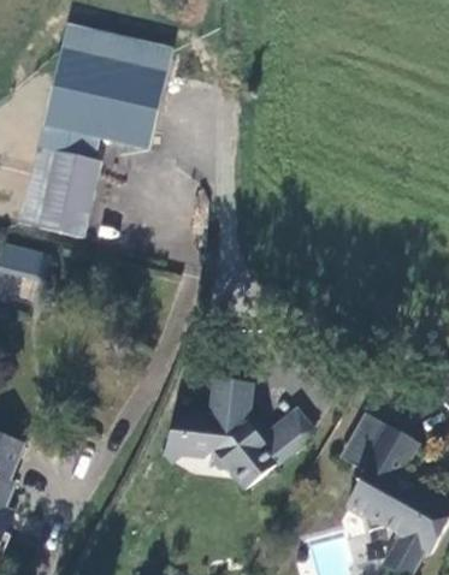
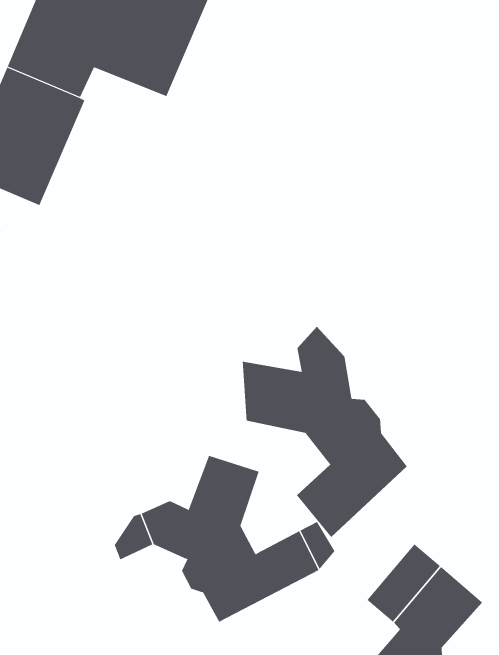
building: none -> [242,326,408,538]

